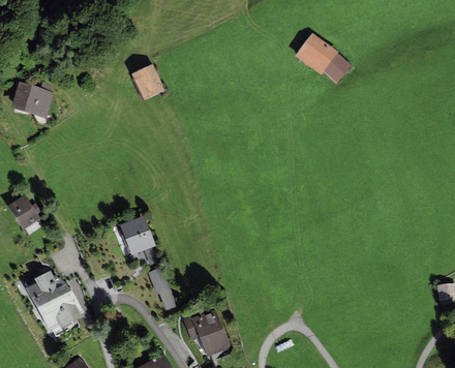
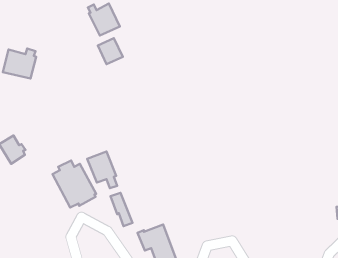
building: none -> [88,4,120,36]
building: [295,35,352,85] -> none
building: [27,269,83,329] -> [52,160,96,208]

